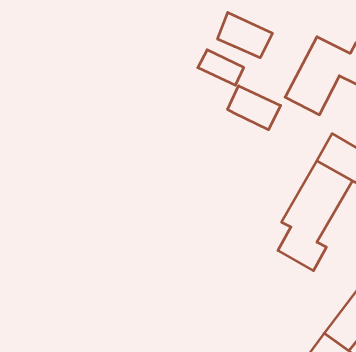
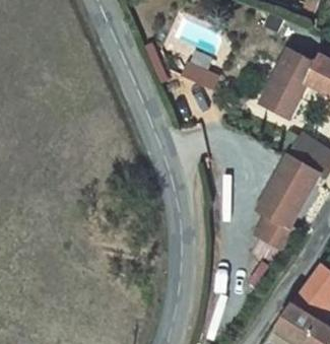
building: [218,12,272,58] -> none
building: [228,86,281,130] -> none

